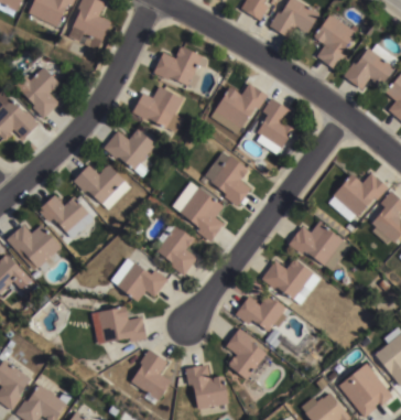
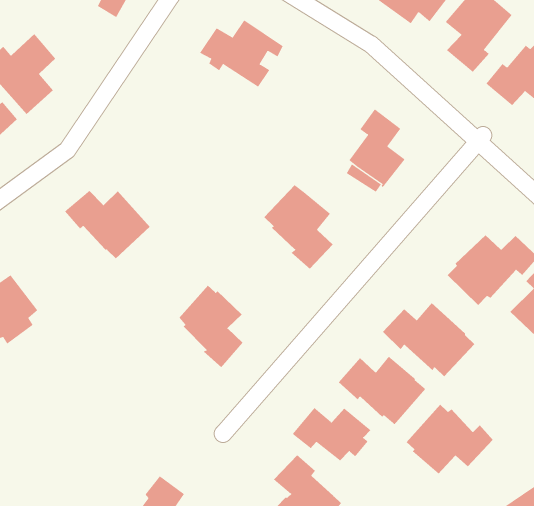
building: [212,84,268,133] -> none
building: [132,86,183,131] -> none
building: [104,129,155,176] -> none
building: [172,181,224,241] -> none
building: [37,195,88,234] -> none
building: [110,258,167,302] -> none
building: none -> [406,404,494,475]
building: [91,305,148,344] -> none

